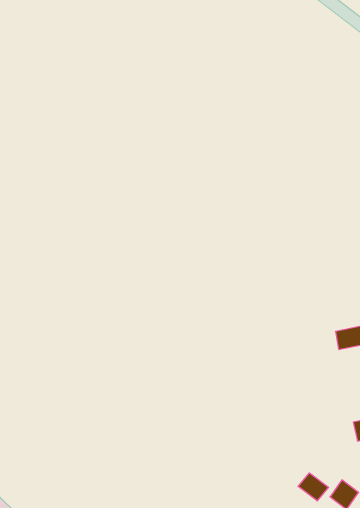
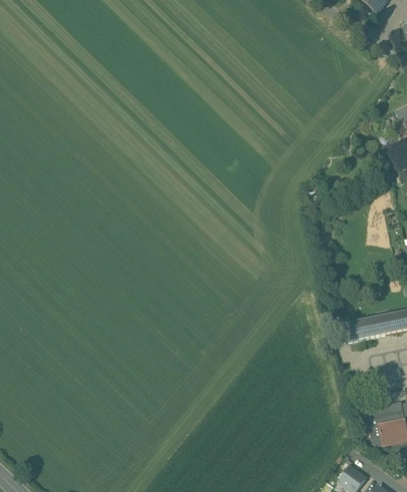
building: [298,473,329,501] -> none

